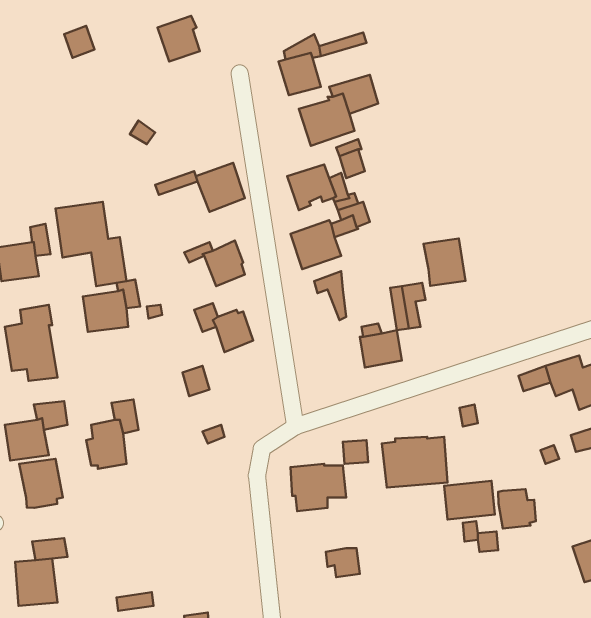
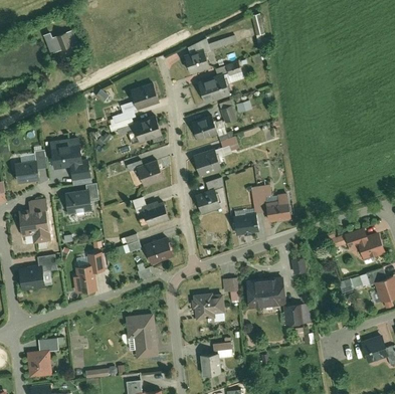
building: [157,16,200,61] -> [132,81,157,109]
building: [423,239,466,286] -> [264,193,289,221]
building: none -> [192,189,219,214]
building: none -> [145,235,172,263]
building: [19,459,63,508] -> none
building: [498,489,536,528] -> none
building: none -> [125,314,158,360]
building: none -> [198,353,219,376]

